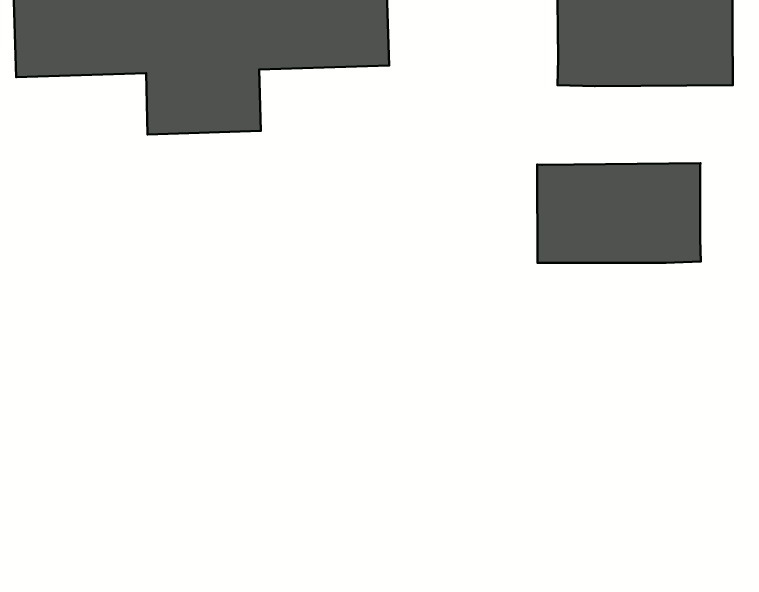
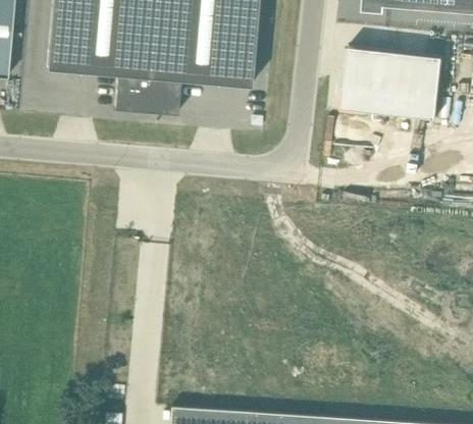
building: [537,163,701,263] -> none

